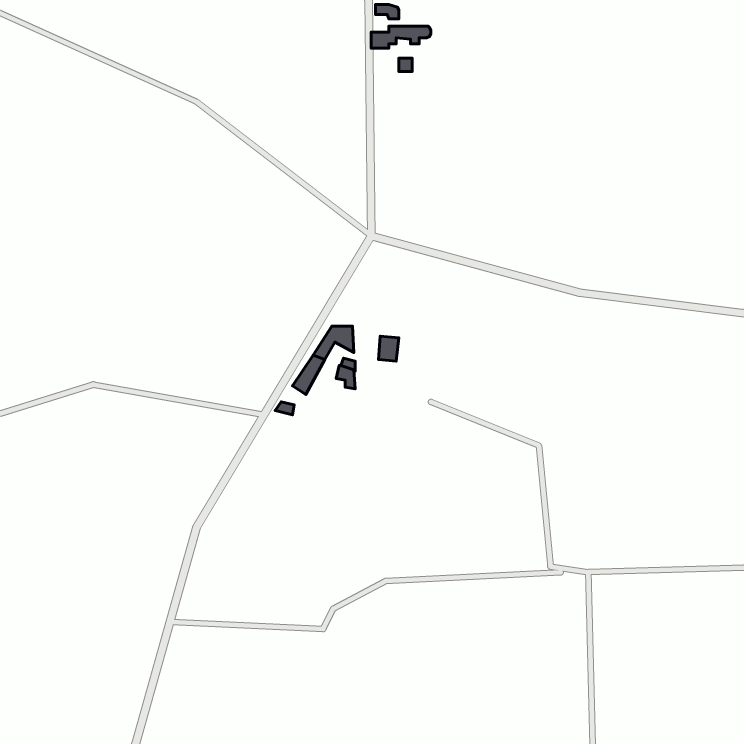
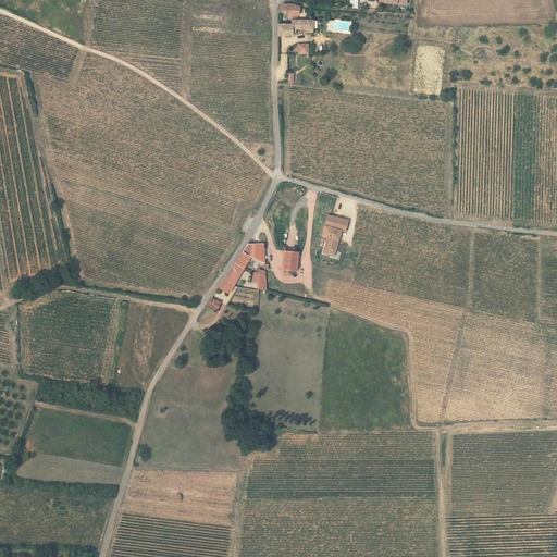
building: none -> [322,214,348,256]

